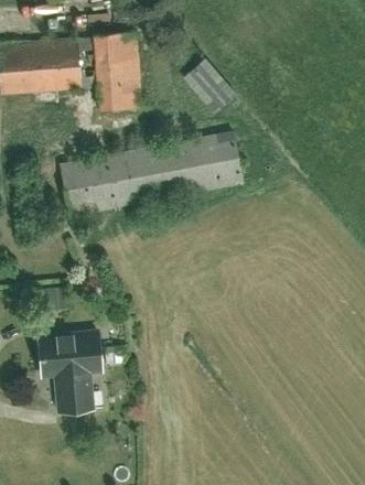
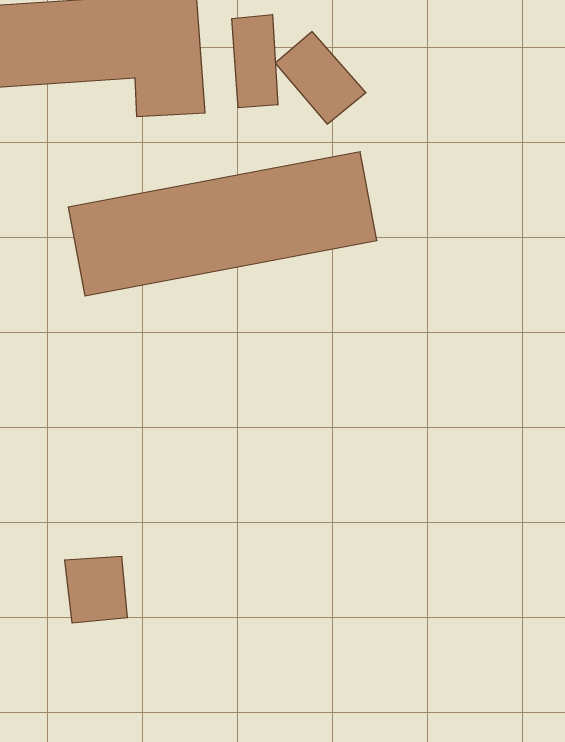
building: none -> [232,14,278,108]
building: [40,332,103,376] -> none

